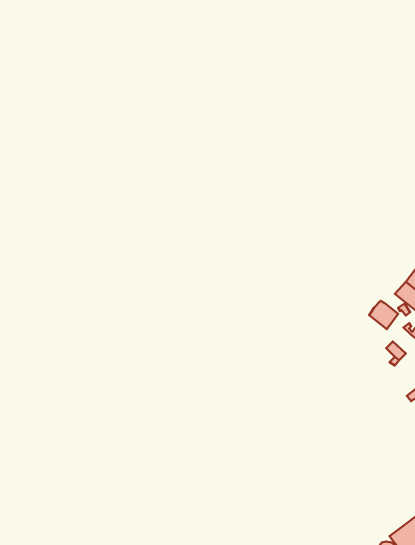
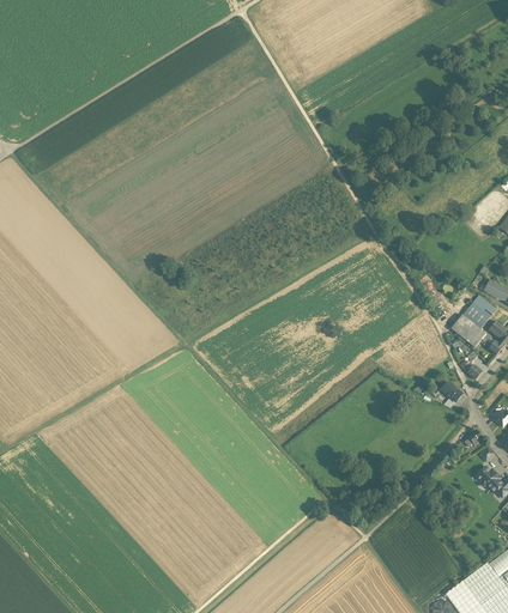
building: [369,301,398,329] -> none

